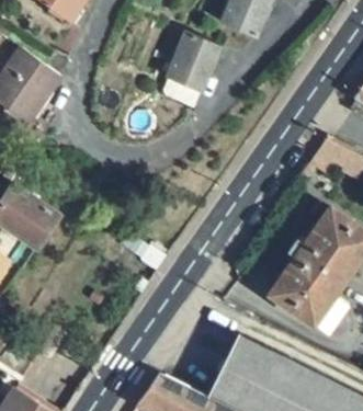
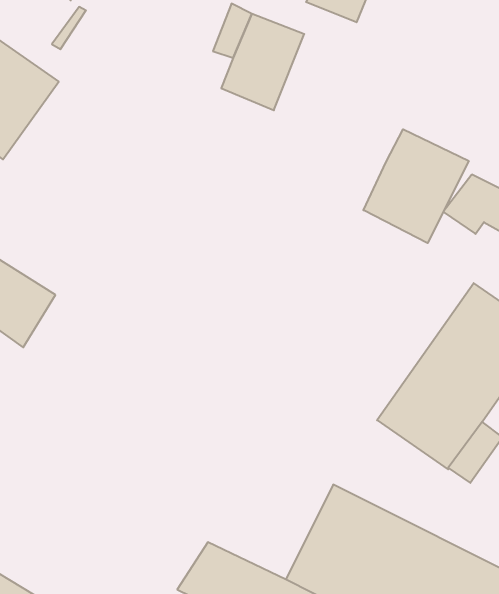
building: none -> [363,129,469,243]

